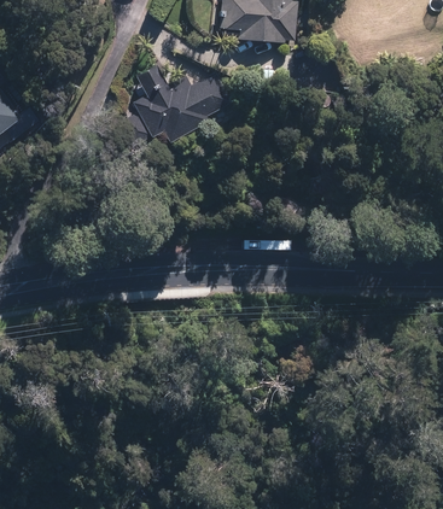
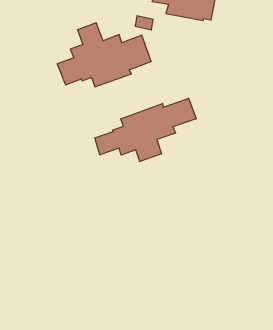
building: none -> [95,98,196,162]

